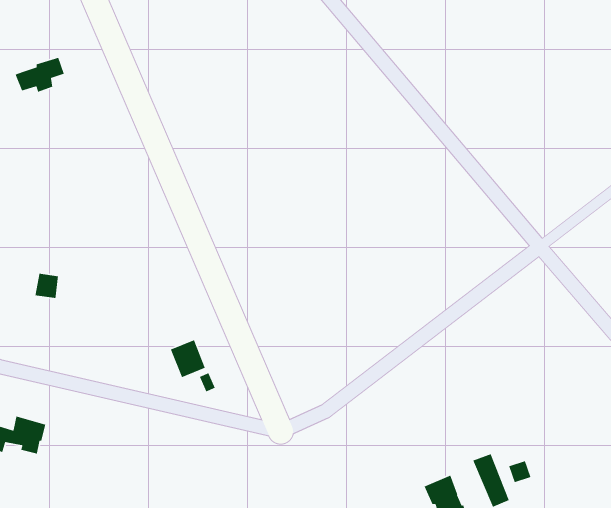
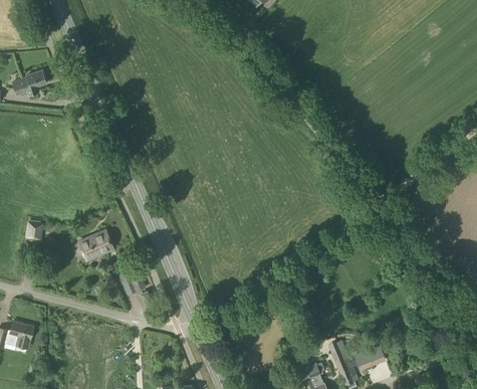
building: none -> [79,230,114,260]

